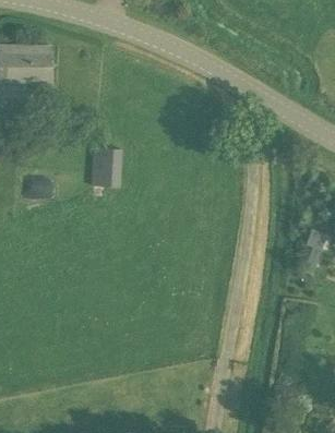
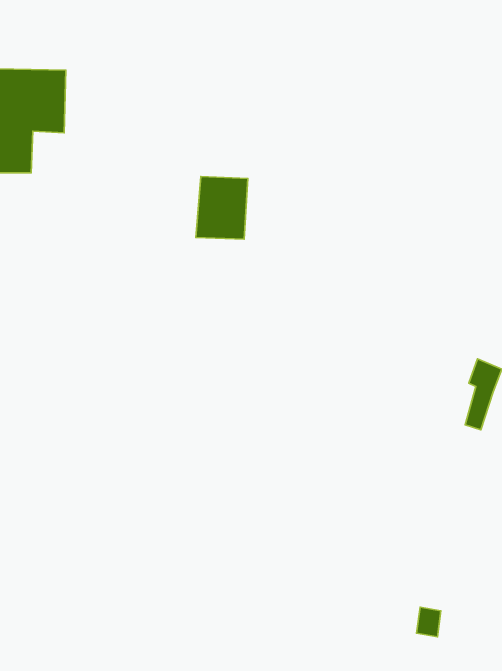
building: [89,146,122,185] -> [196,177,248,239]

